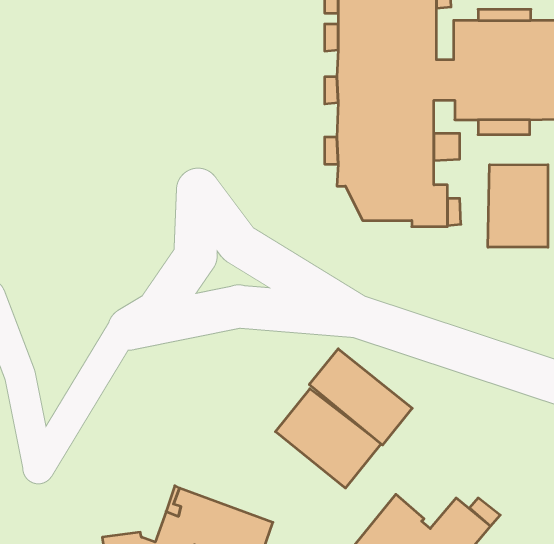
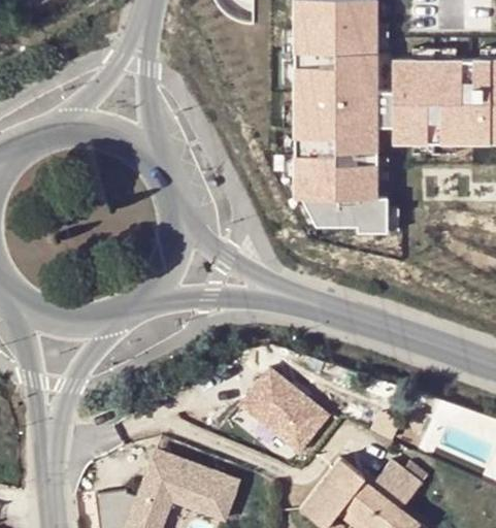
building: [488,165,548,247] -> none
building: [309,349,412,445] -> none

